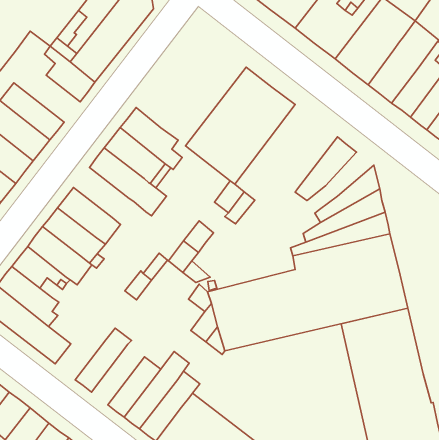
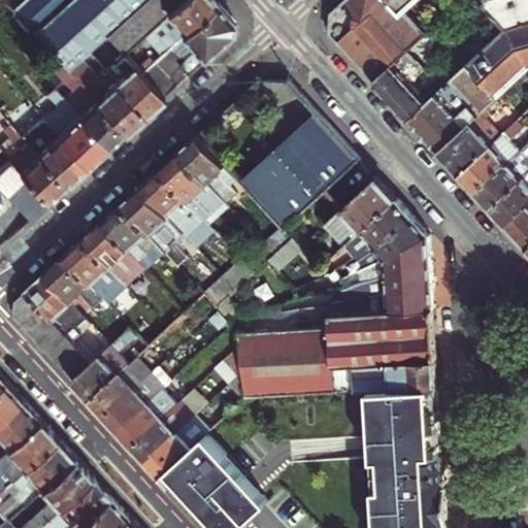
building: none -> [72,68,140,139]
building: none -> [326,180,395,248]
building: none -> [354,221,427,272]
building: none -> [119,190,188,262]
building: none -> [69,330,133,402]
building: none -> [101,360,177,433]

